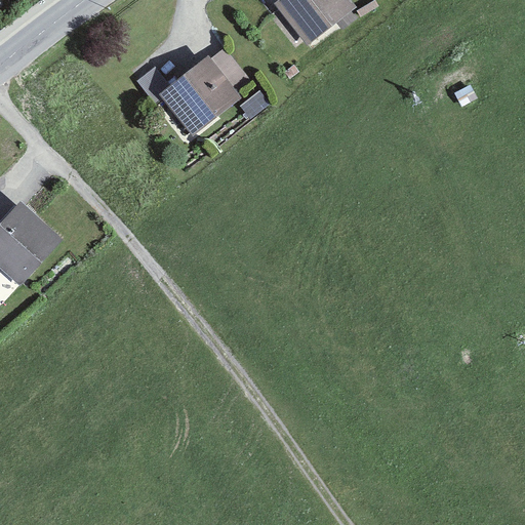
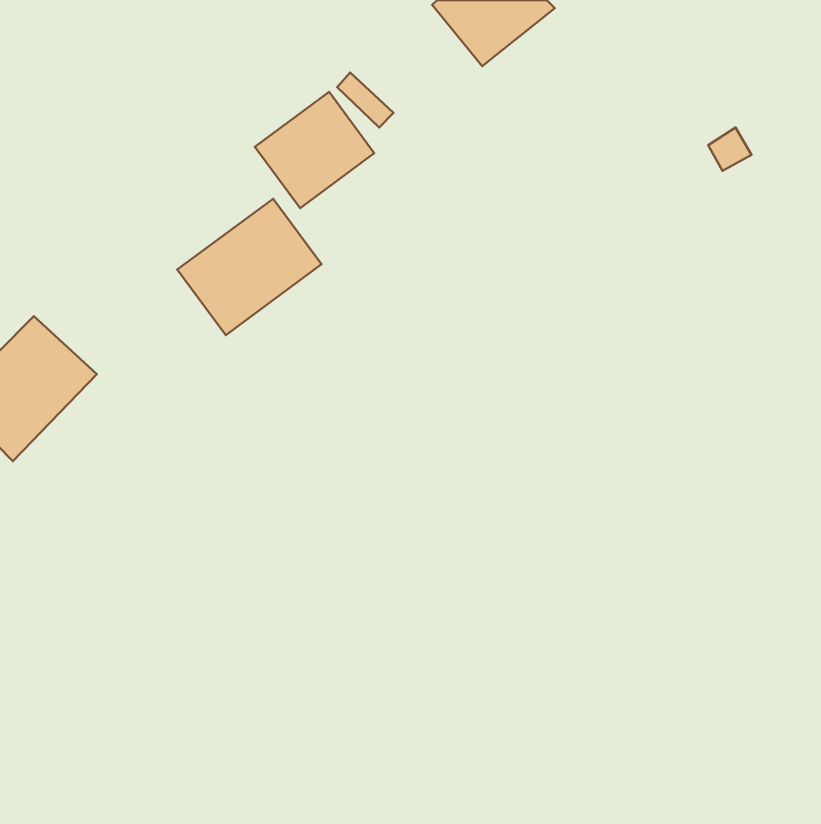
building: none -> [177,199,322,335]

